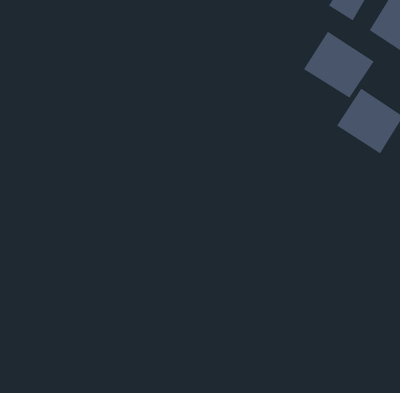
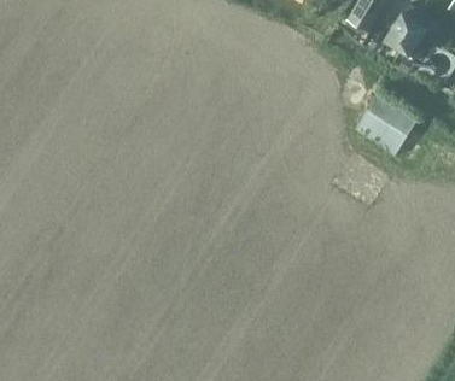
building: [303,31,375,99] -> none

